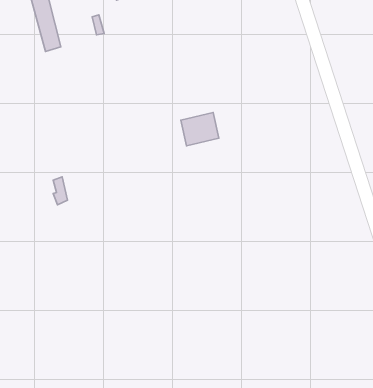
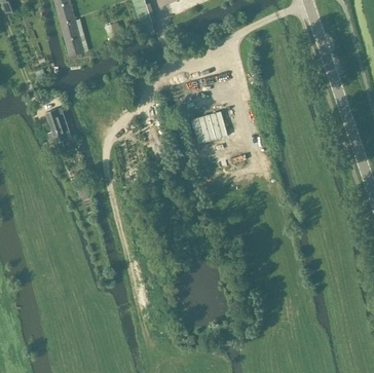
building: none -> [46,108,70,142]

